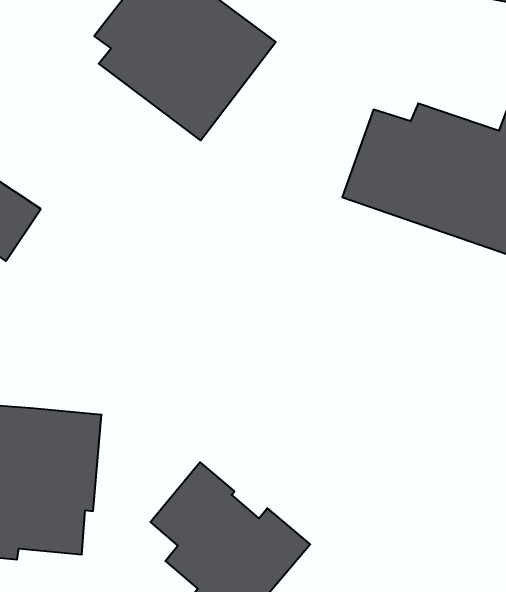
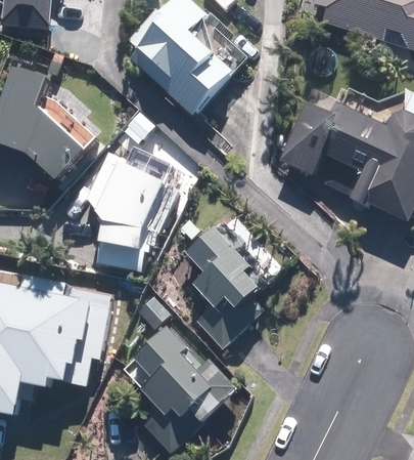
building: none -> [88,150,180,268]
building: none -> [188,223,273,345]

